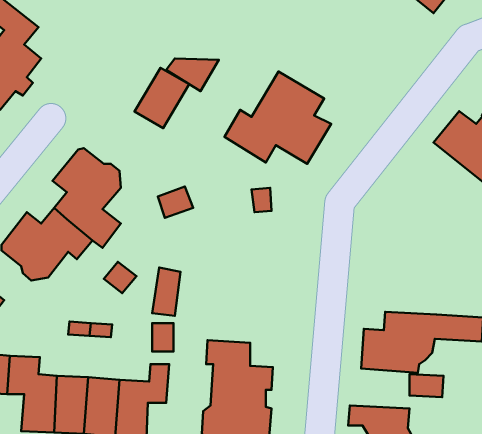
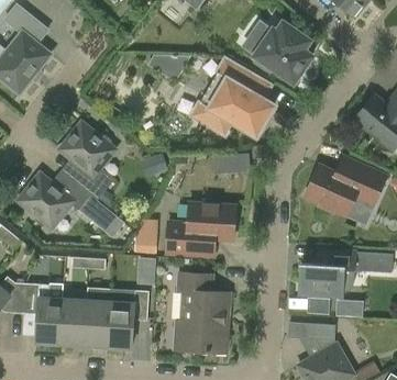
building: none -> [254,21,312,82]
building: [134,68,189,128] -> none
building: none -> [305,156,386,214]
building: none -> [166,200,235,255]

